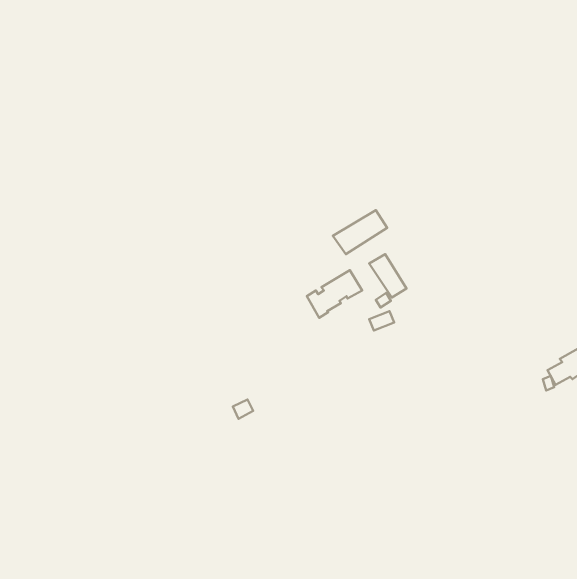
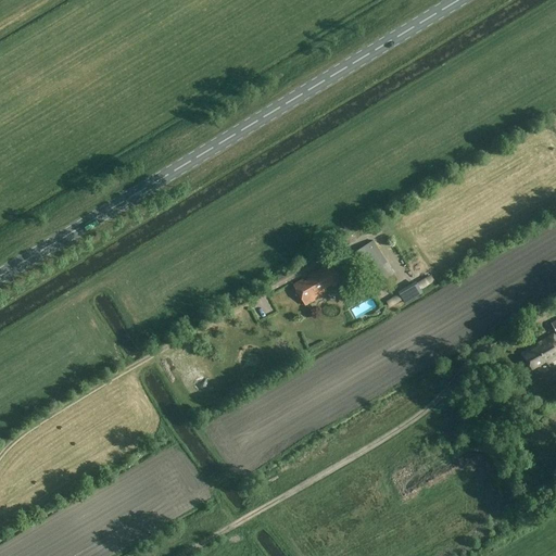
building: [333,210,387,254] -> none

